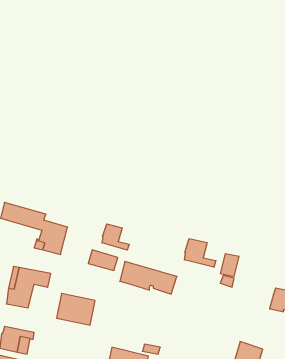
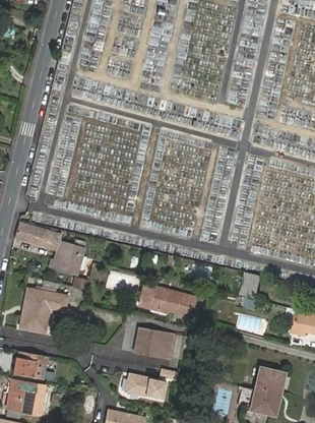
building: [102,224,129,250] -> none
building: [184,239,216,267] -> none
building: [57,294,95,325] -> [135,328,175,361]

